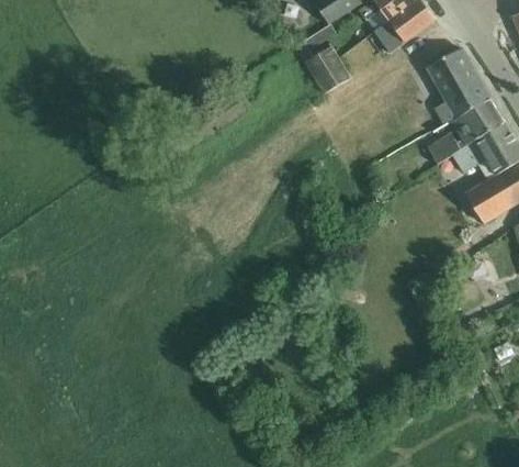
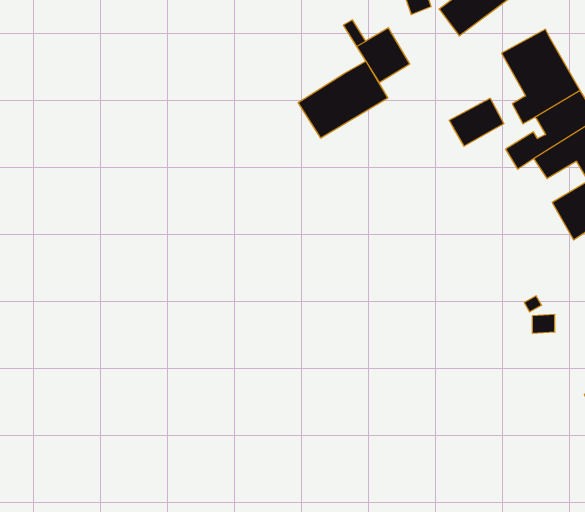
building: none -> [298,61,388,138]
building: none -> [449,98,504,146]

